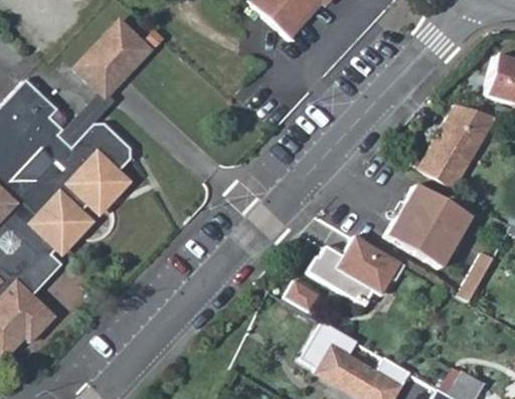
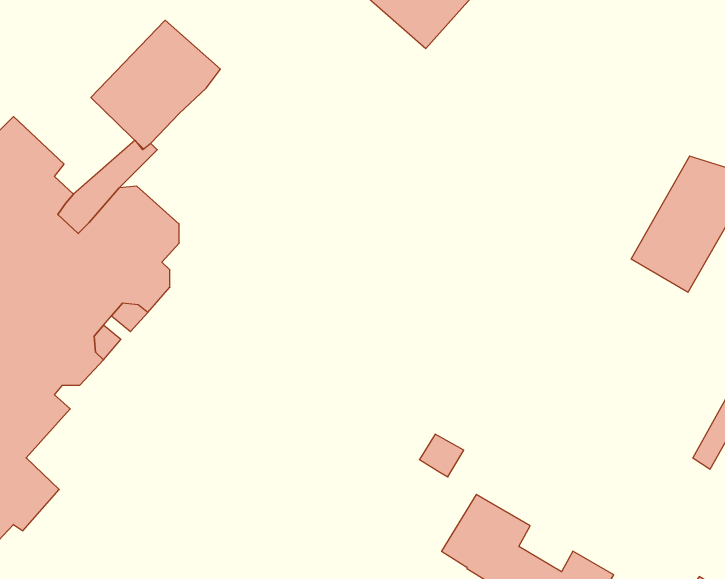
building: [386,185,471,268] -> none
building: [308,236,406,308] -> none

